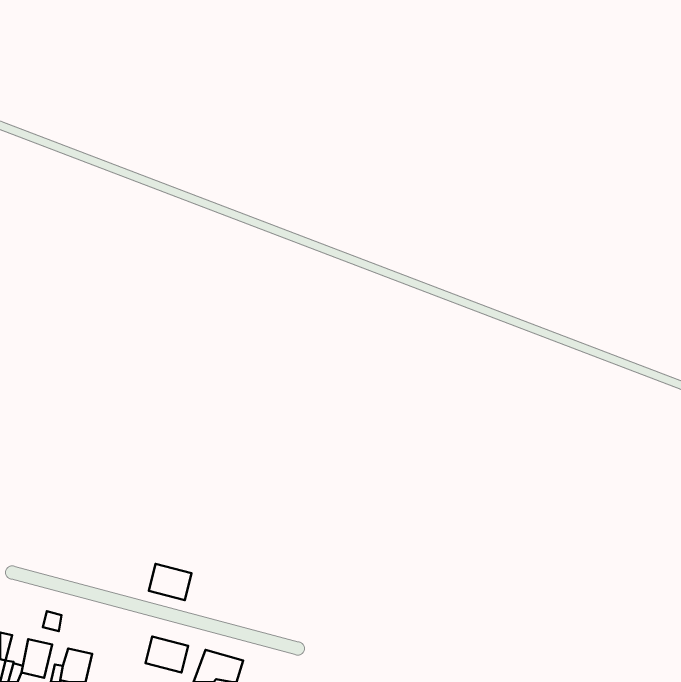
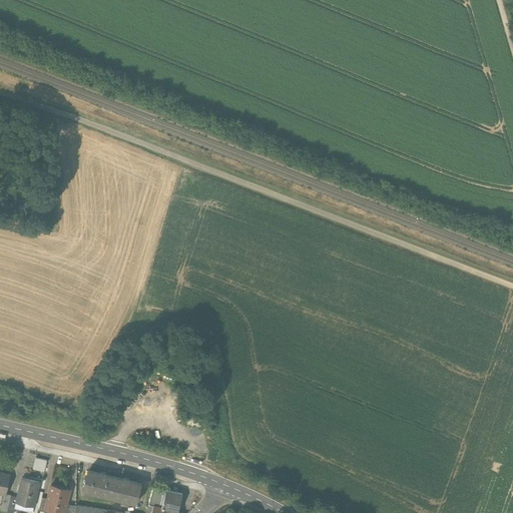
building: [149,564,192,600] -> [83,471,115,498]

